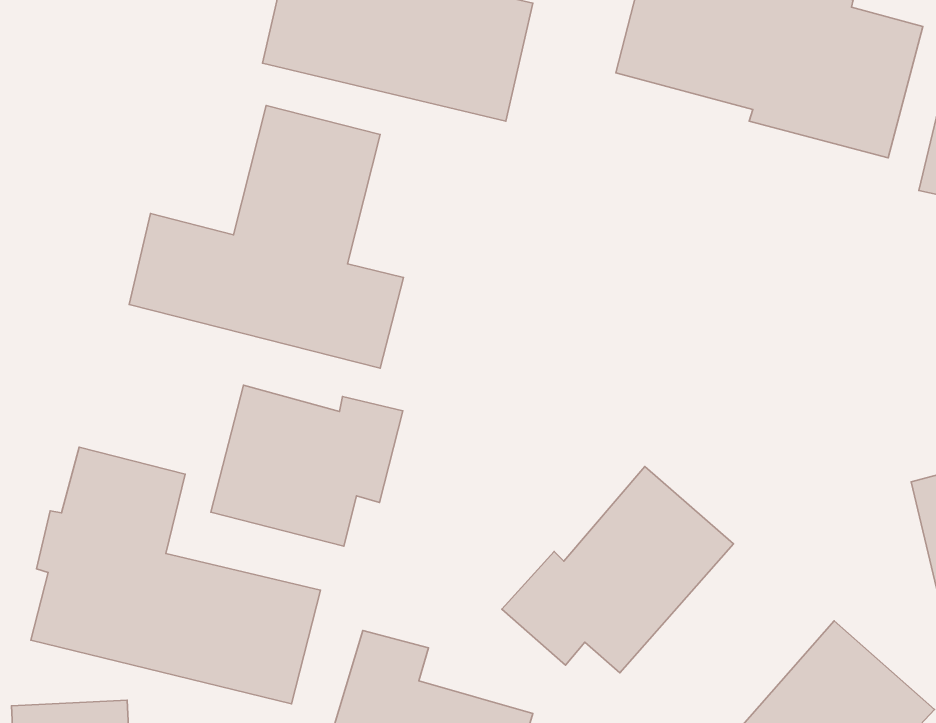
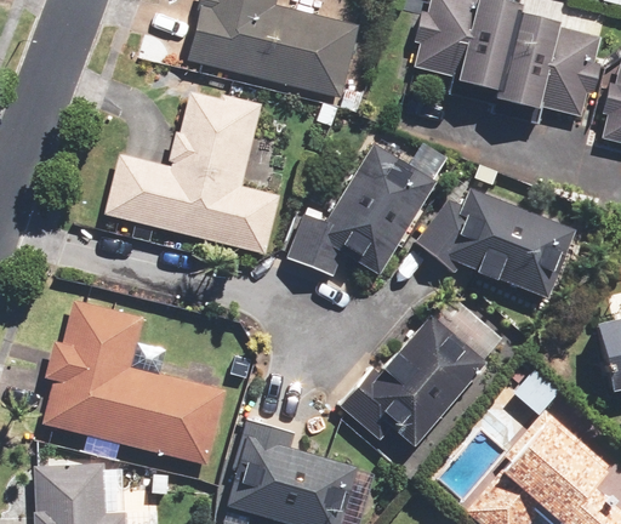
building: none -> [286,142,437,277]
building: none -> [415,186,576,298]
building: [211,385,403,546] -> none

